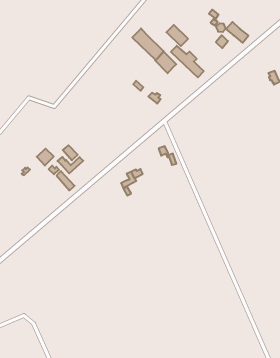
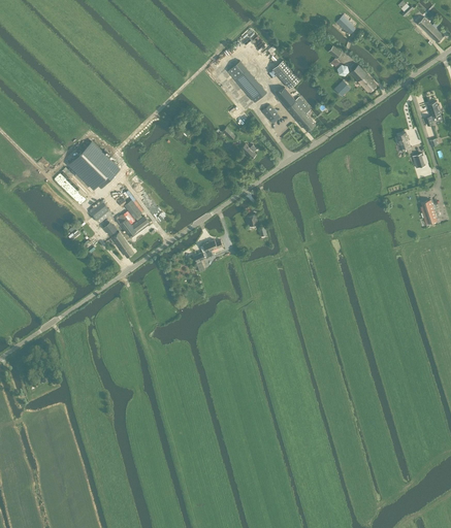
building: none -> [68,140,119,188]

